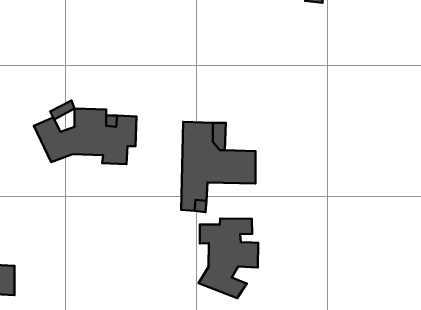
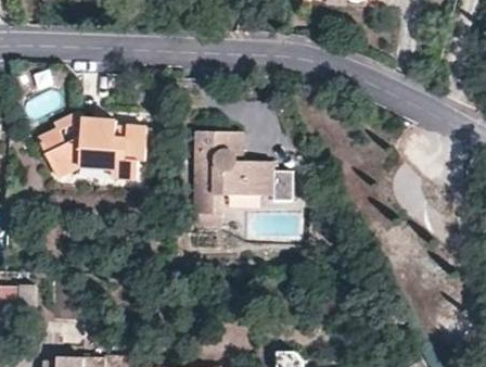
building: [199,218,258,298] -> none

